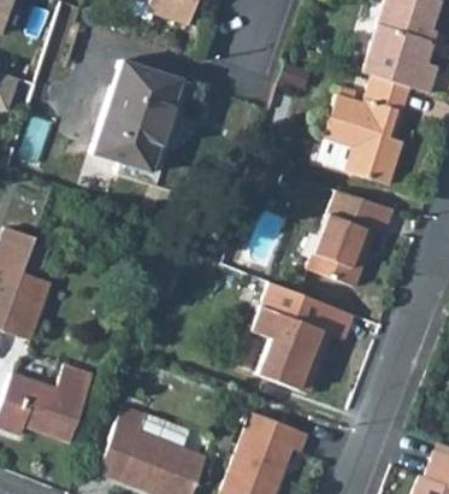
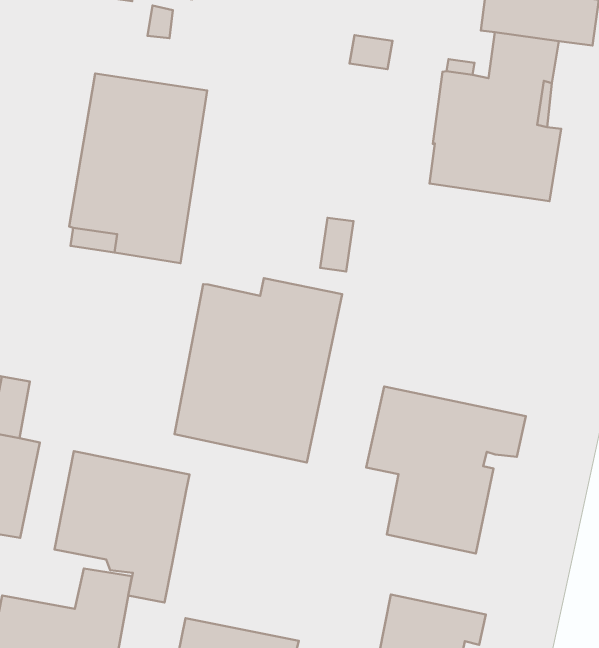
building: [307,189,392,286] -> none
building: none -> [174,278,342,462]
building: none -> [54,451,189,602]

